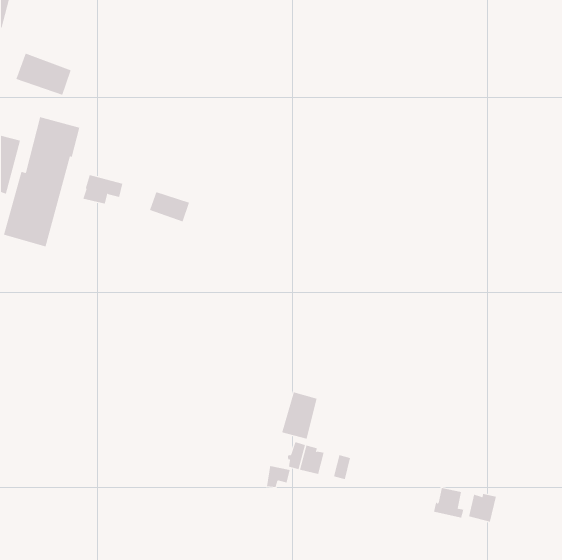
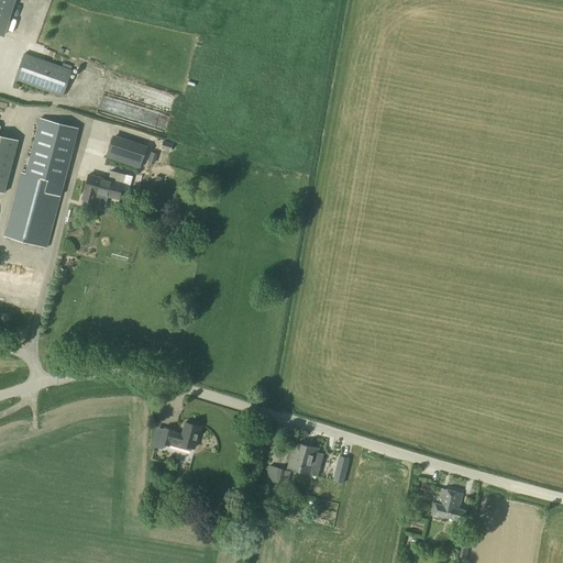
building: [149,192,190,222] -> [106,137,146,168]
building: [281,391,317,439] -> none
building: none -> [152,422,200,462]
building: [468,493,496,523] -> none

